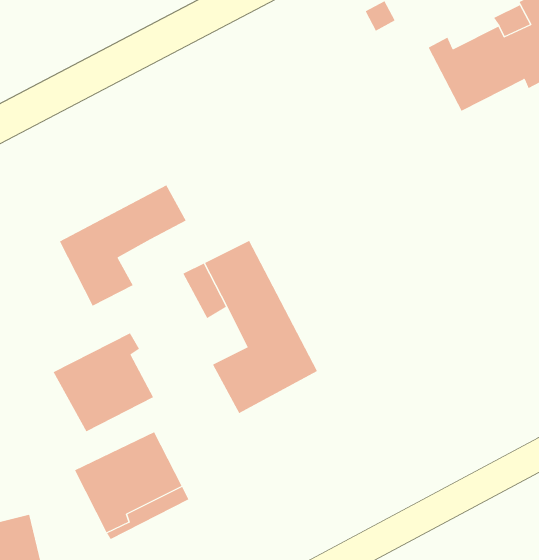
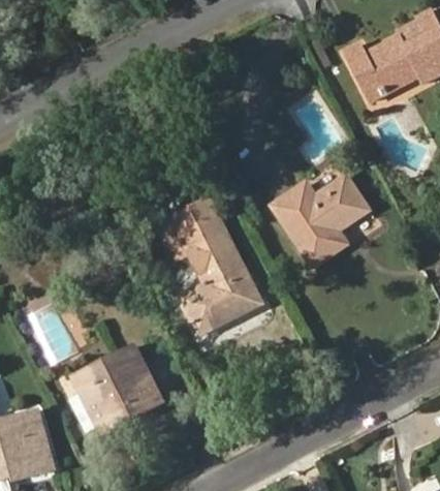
building: [59,184,187,306] -> none
building: none -> [274,176,368,265]
building: [53,332,154,432] -> none

